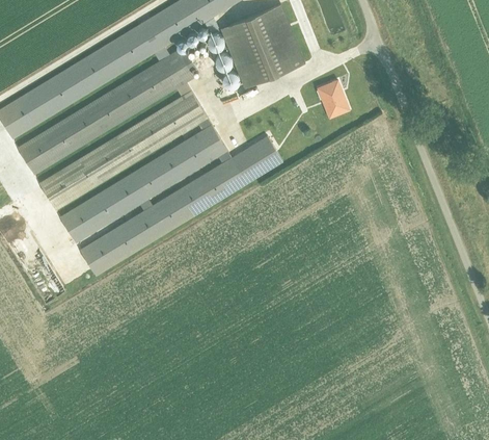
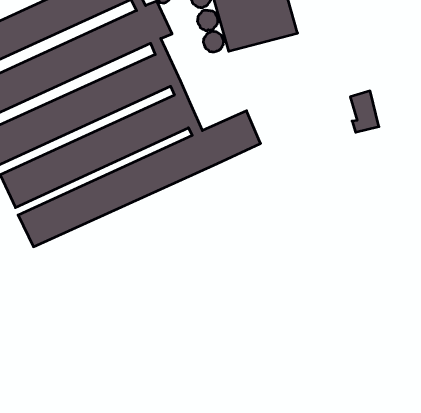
building: [321,79,349,117] -> [350,91,379,132]

